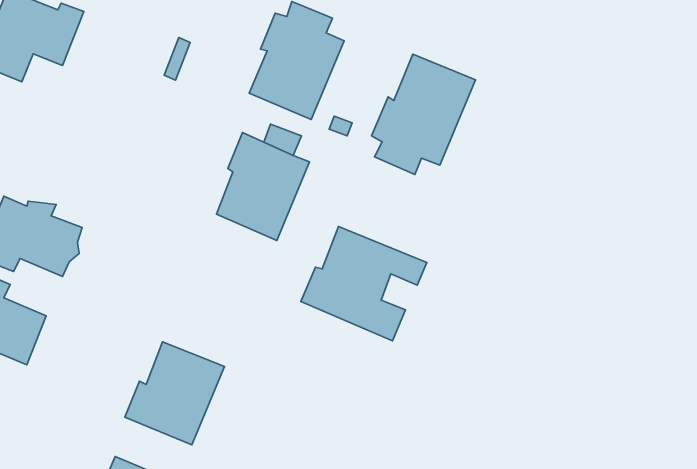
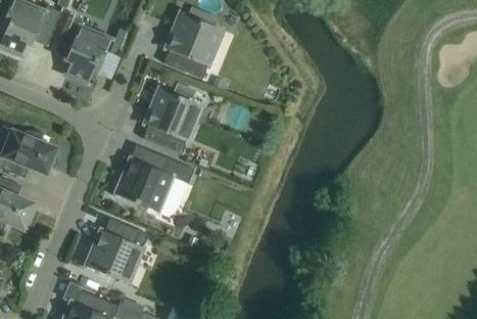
building: none -> [54,15,112,83]
building: [372,54,475,174] -> none
building: [301,226,427,341] -> [115,146,194,218]

